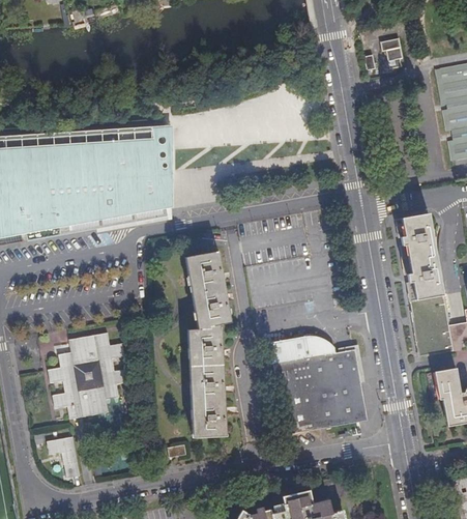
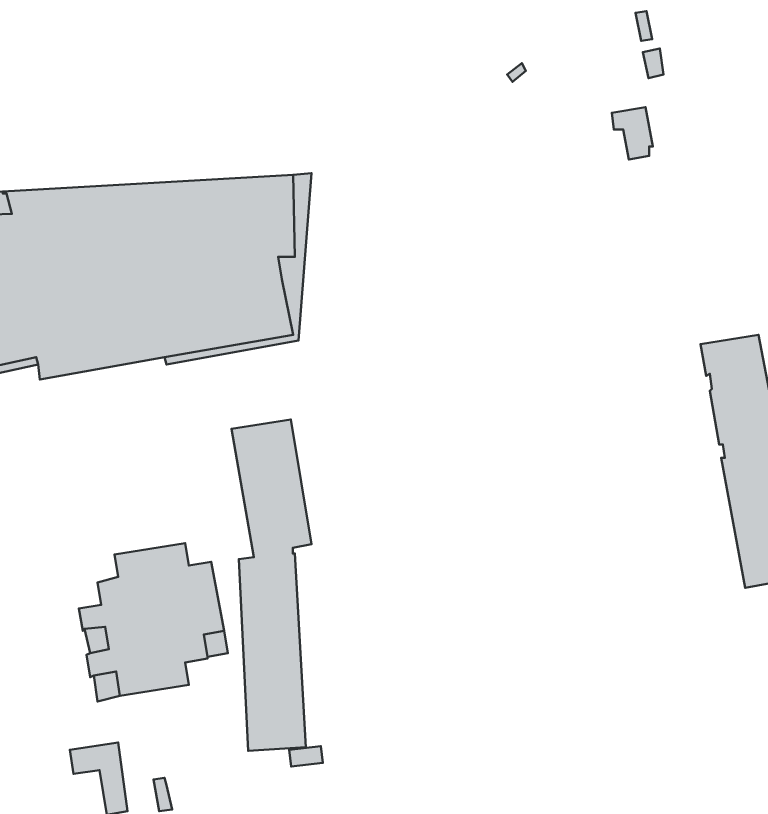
building: [380,39,403,68] -> [612,107,653,159]
building: [184,251,229,435] -> [231,420,311,751]
building: [270,338,369,436] -> none

